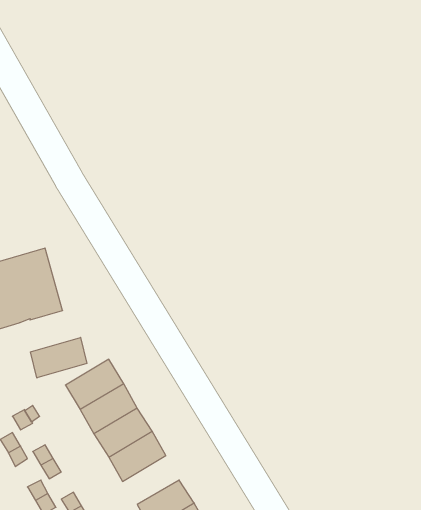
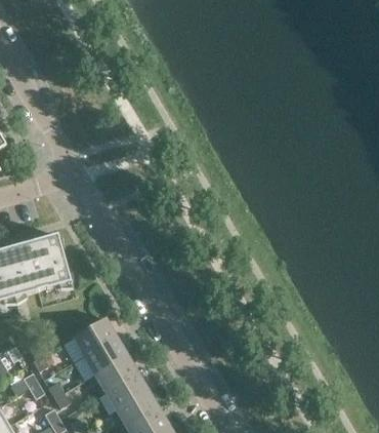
building: [31,337,87,378] -> none
building: none -> [115,390,158,427]

